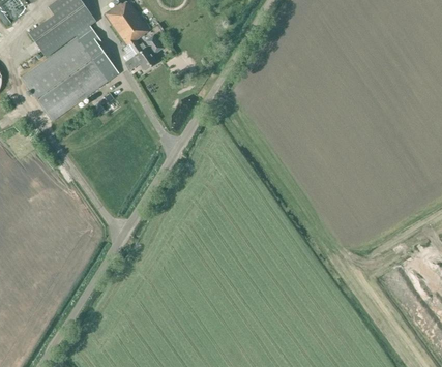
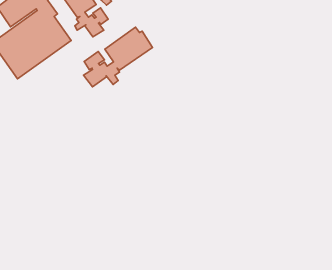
building: none -> [83,27,152,87]

